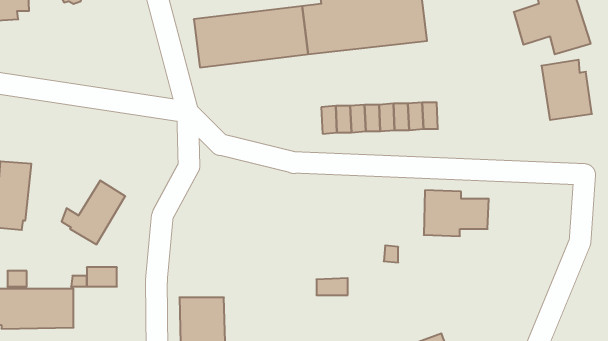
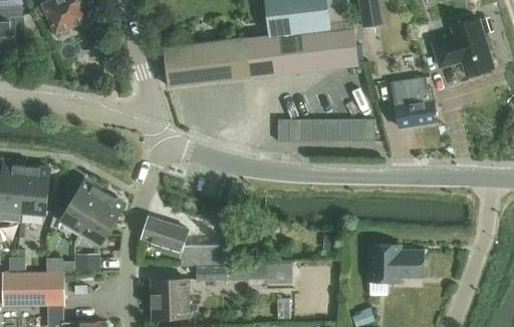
building: [541,60,592,120] -> [392,77,434,127]
building: none -> [22,169,51,218]
building: [424,190,489,236] -> [368,245,423,283]
building: none -> [81,196,126,249]
building: none -> [141,217,247,281]

